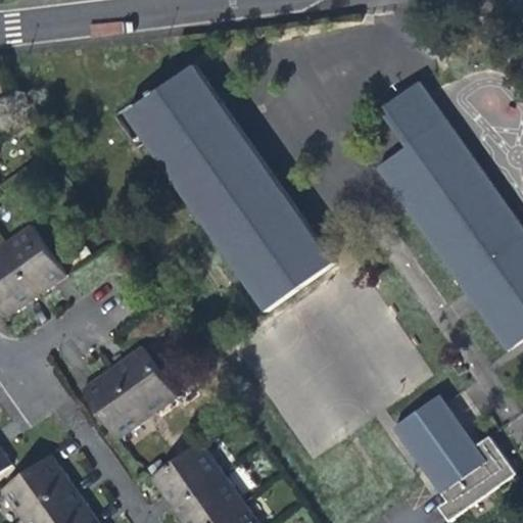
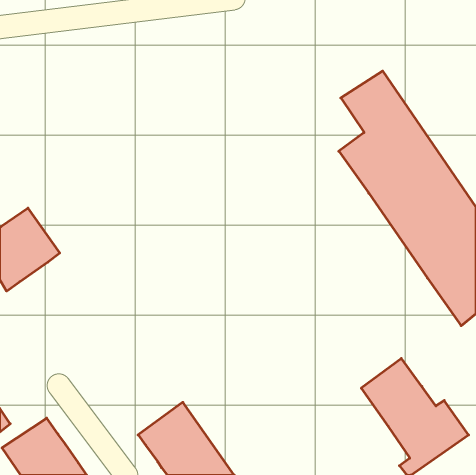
building: [127,65,334,313] -> none
building: [83,347,176,438] -> none

